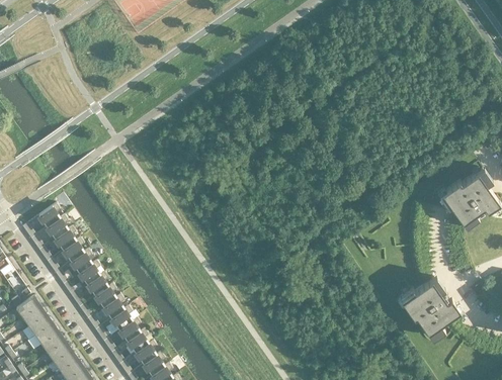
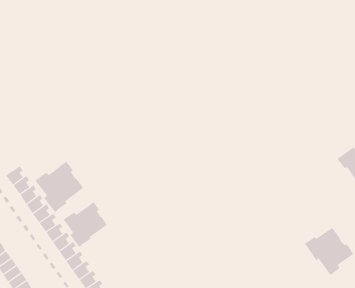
building: none -> [34,161,84,213]
building: none -> [63,201,108,247]

